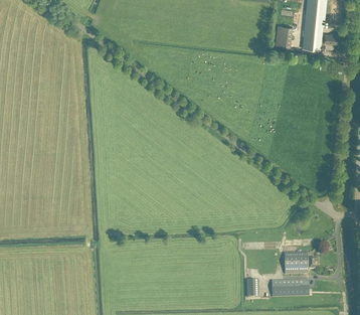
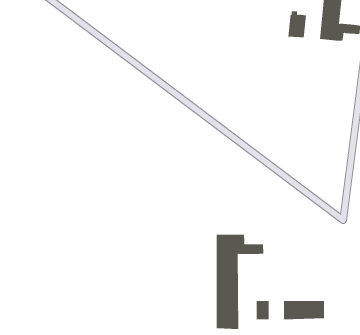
building: none -> [216,234,264,330]
building: [284,254,316,275] -> none

